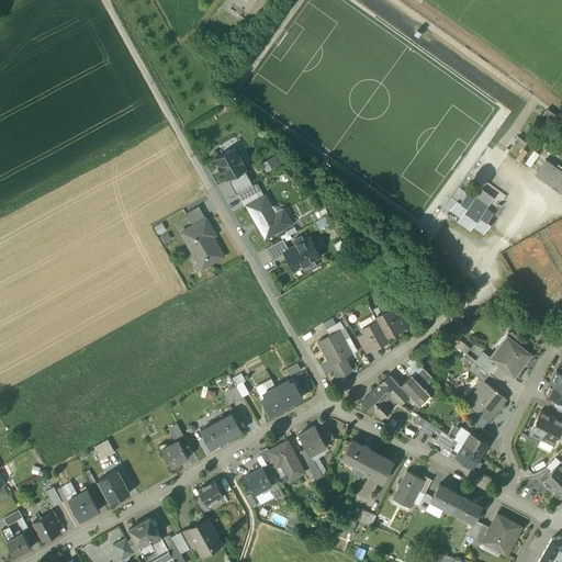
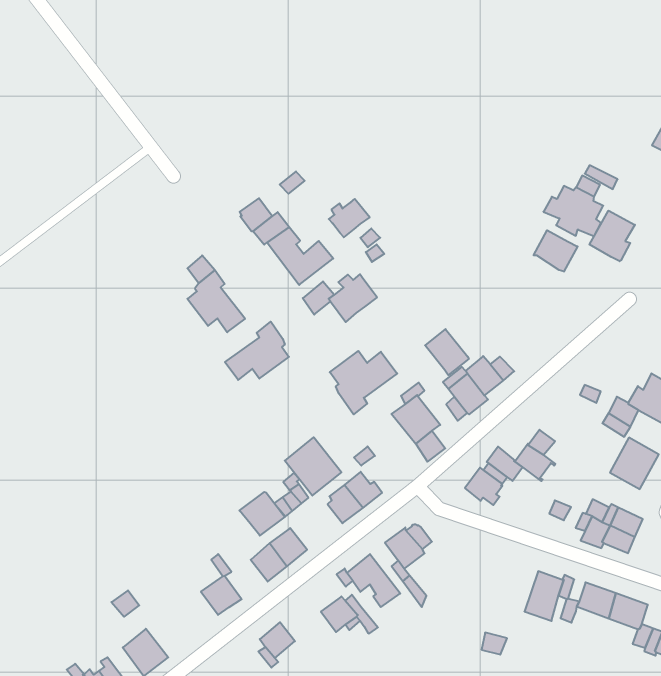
building: [215,149,247,181] -> none
building: none -> [329,199,370,237]
building: none -> [589,211,635,261]
building: none -> [534,230,578,272]
building: none -> [225,322,289,380]
building: none -> [425,329,469,375]
building: none -> [330,351,397,414]
building: none -> [285,437,341,496]
building: none -> [239,492,285,536]
building: [342,441,394,484] -> none

